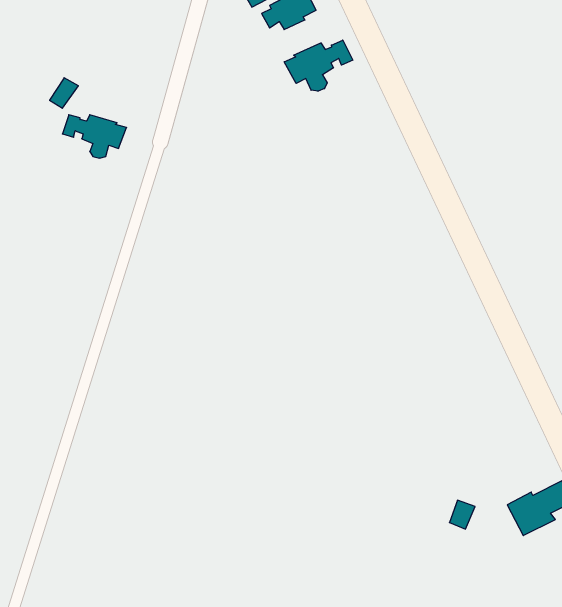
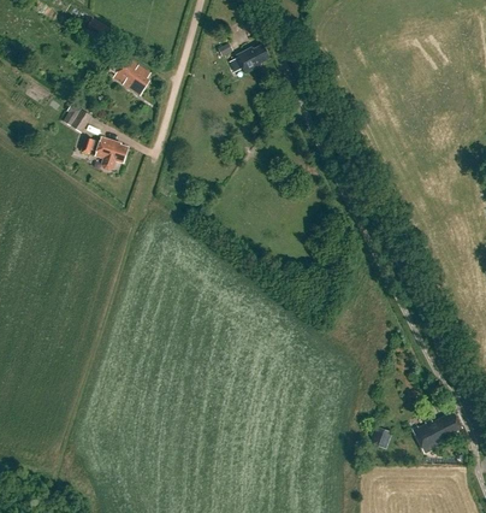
building: none -> [114,57,152,94]
building: [284,40,353,91] -> none

